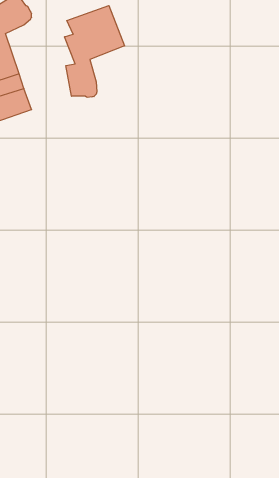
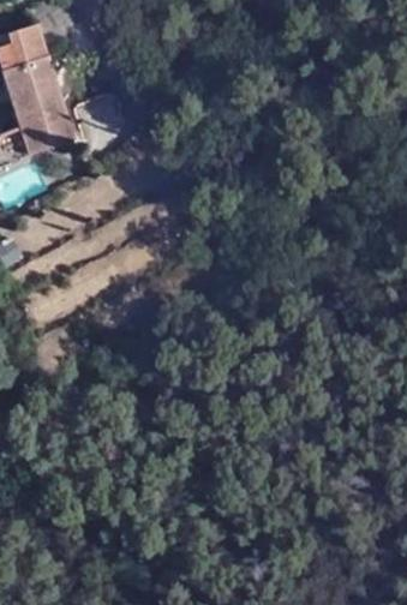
building: [65,6,125,97] -> none

